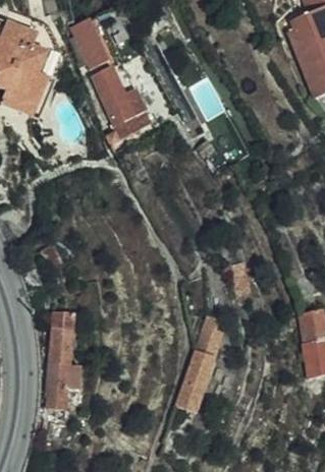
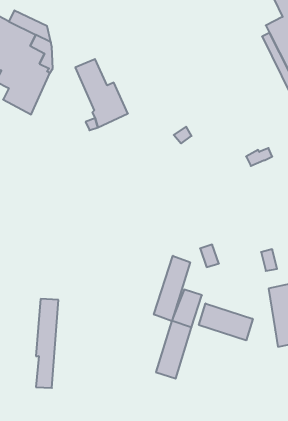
building: [69,16,108,68] -> none
building: none -> [154,256,190,321]
building: none -> [199,303,253,340]

